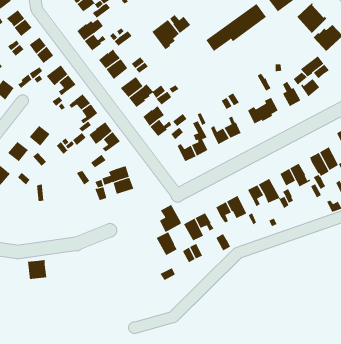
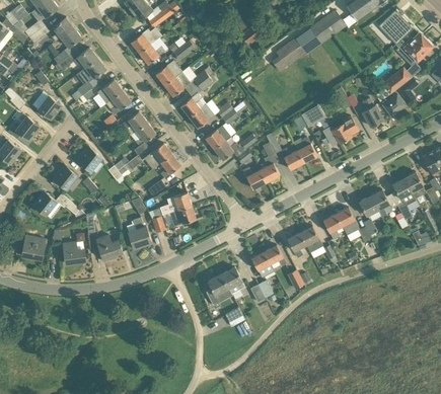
building: [151,19,179,50] -> none
building: none -> [128,217,151,248]
building: none -> [96,235,122,261]
building: [159,204,182,233] -> [206,273,231,306]
building: [27,260,47,279] -> [63,241,85,263]

